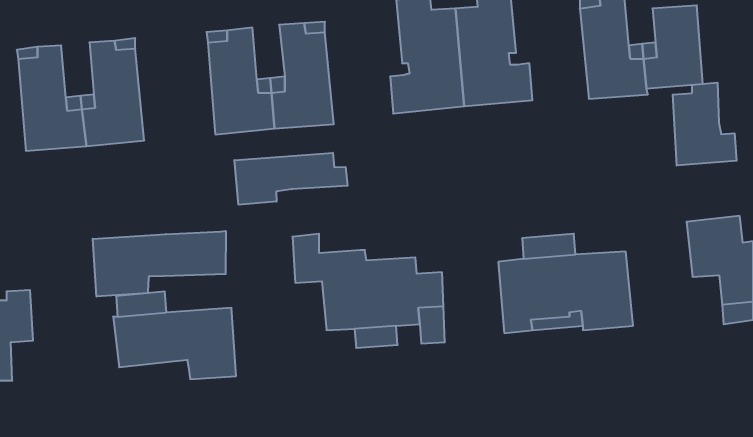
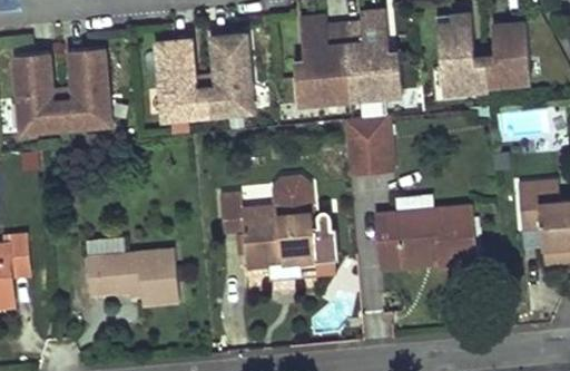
building: [673,83,737,166] -> none
building: none -> [345,117,394,175]
building: [234,153,348,205] -> none
building: none -> [272,176,314,215]
building: [93,231,226,297] -> none

